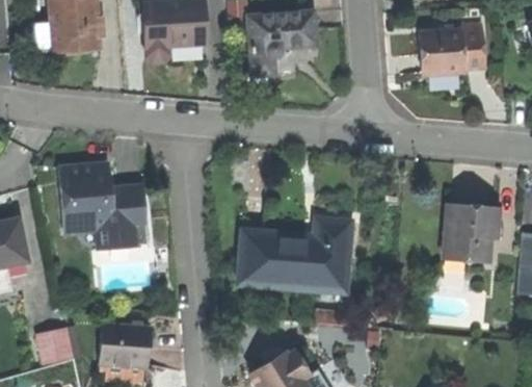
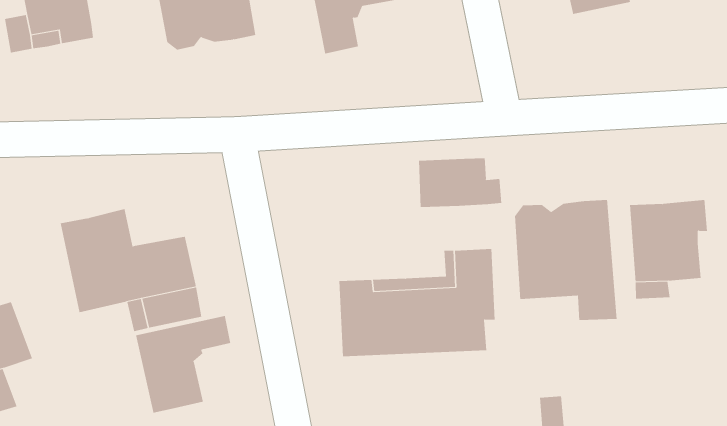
building: none -> [418,157,502,208]
building: none -> [514,199,617,321]
building: none -> [135,315,231,414]

